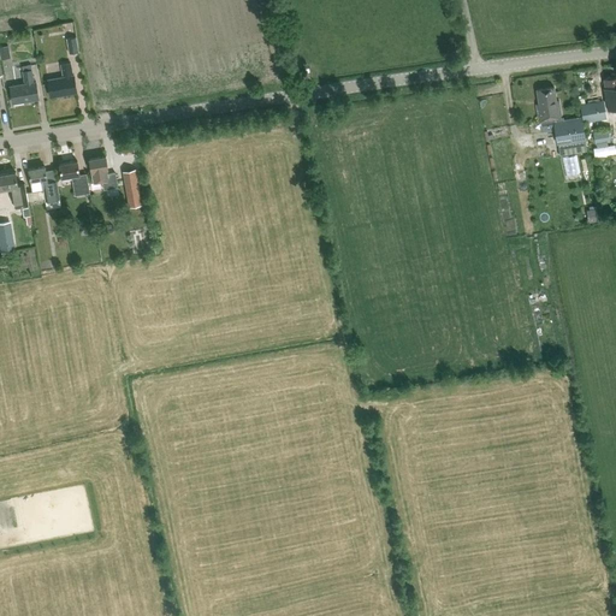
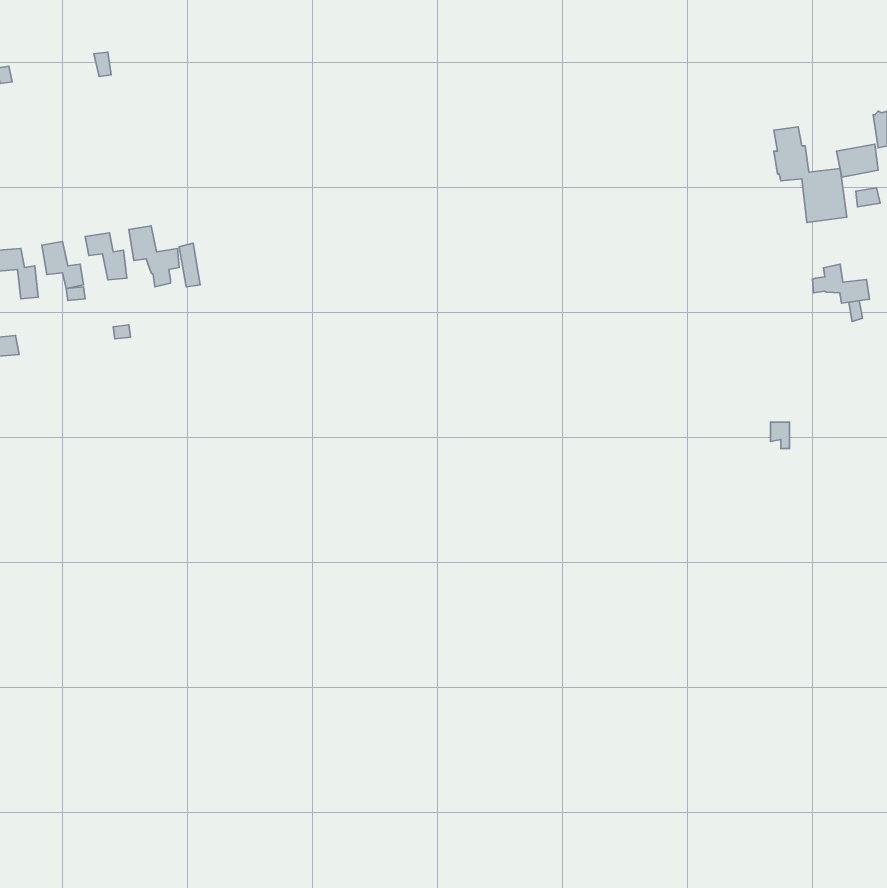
building: [47,63,76,96] -> none
building: [8,64,38,103] -> none
building: none -> [812,264,870,303]

